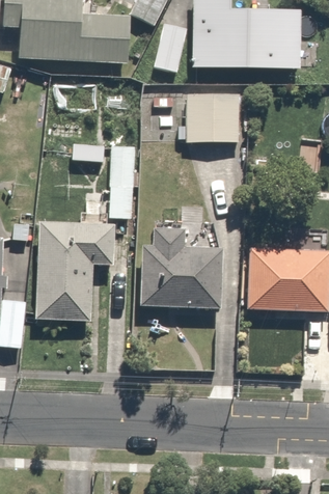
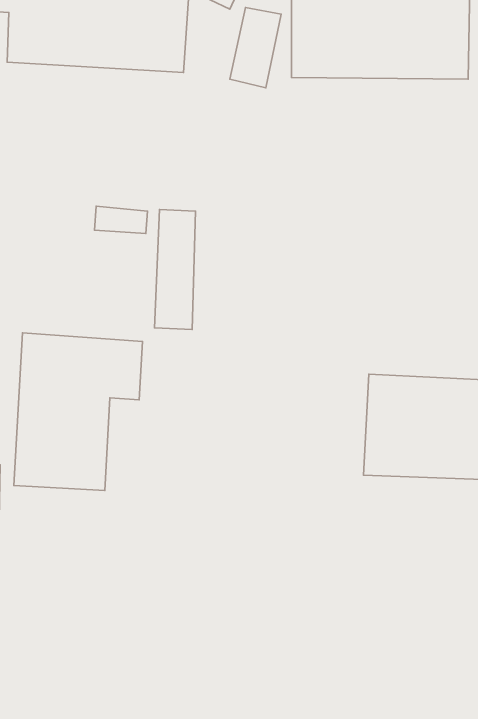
building: [184,95,243,141] -> none
building: [136,226,219,307] -> none

